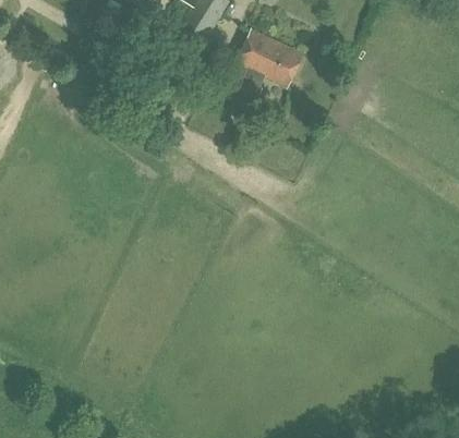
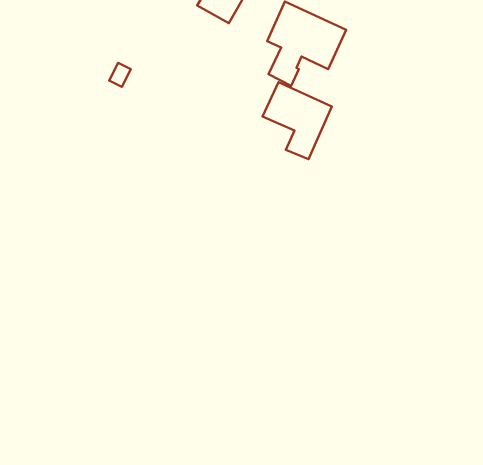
building: none -> [263,82,332,159]

